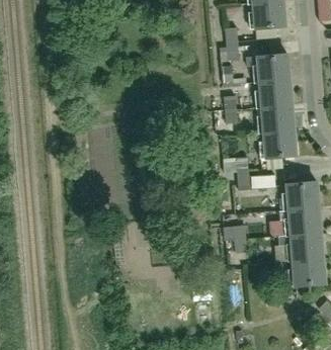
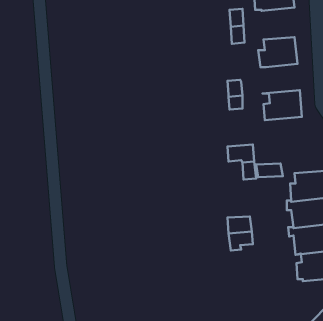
building: [256,79,293,107] -> none
building: [259,129,297,158] -> none

